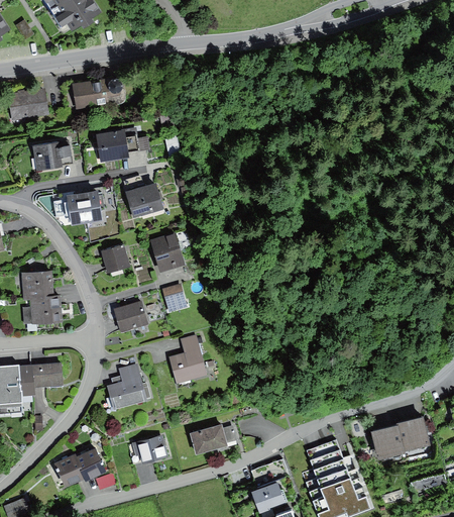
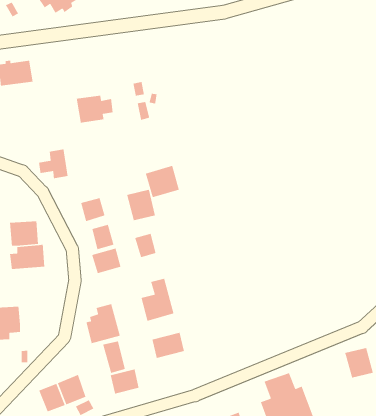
building: [71,74,123,109] -> none
building: [31,139,72,171] -> none
building: [124,180,163,217] -> [145,165,180,198]
building: [83,187,102,220] -> none
building: none -> [92,224,115,250]
building: [32,364,63,387] -> none
building: none -> [102,340,126,374]
building: [370,422,406,456] -> none
building: [193,425,230,455] -> [152,332,185,359]

